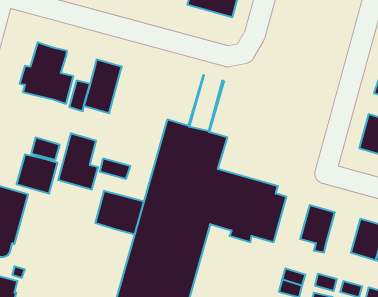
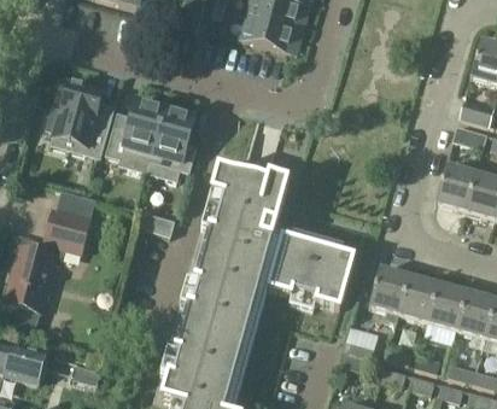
building: [58,133,98,189] -> [151,107,197,171]
building: [95,191,144,235] -> none
building: none -> [398,274,438,320]

